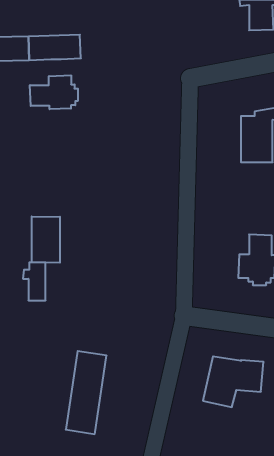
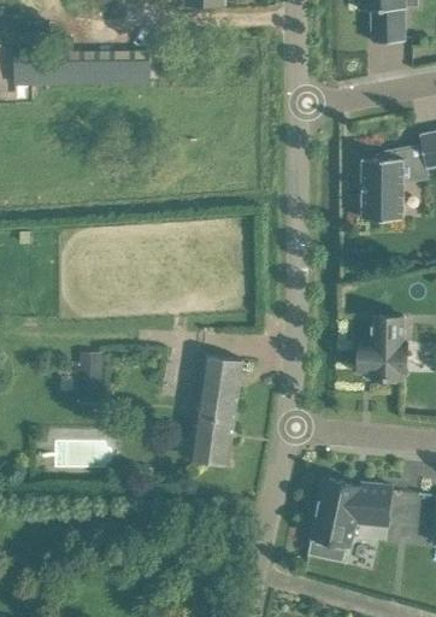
building: [30,75,78,109] -> none
building: [32,216,60,263] -> none
building: [66,351,107,434] -> [189,357,243,468]

